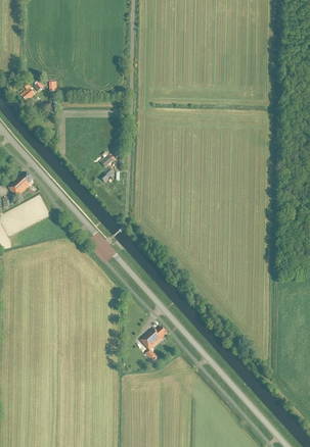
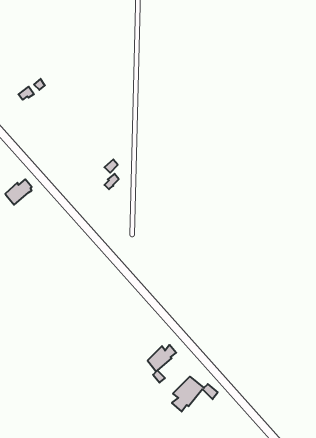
building: none -> [172,377,218,412]

